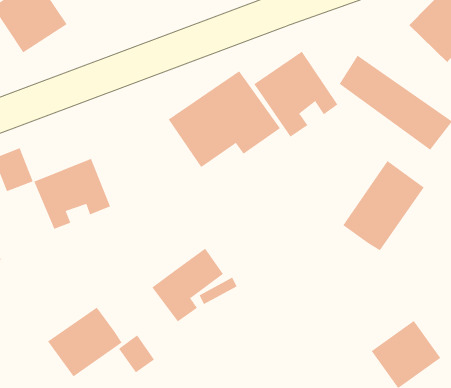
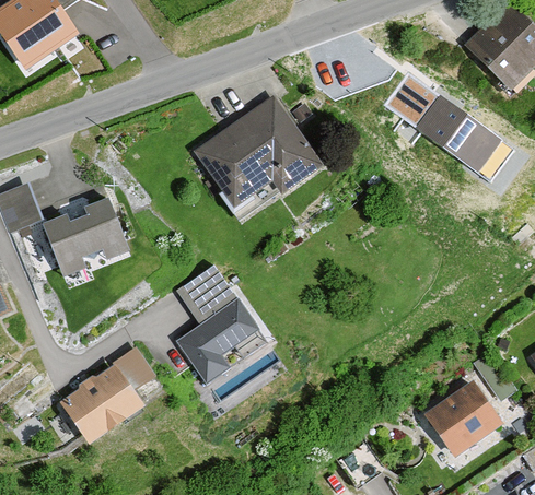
building: [254,51,338,137] -> none
building: [342,160,425,251] -> none
building: none -> [176,264,236,322]
building: [118,334,155,373] -> [114,346,155,390]

